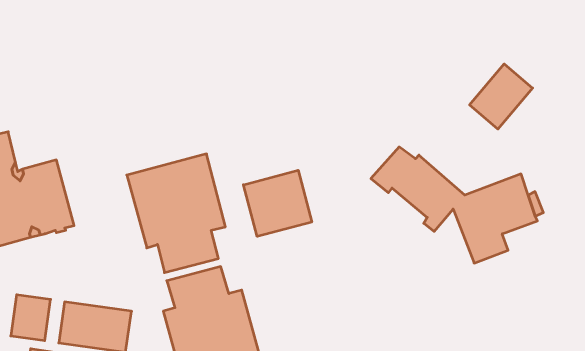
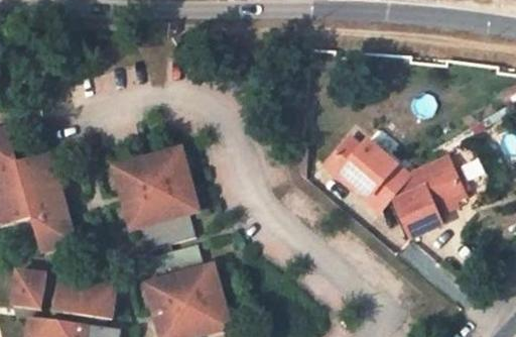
building: [470,64,533,129] -> none
building: [243,170,312,236] -> none
building: none -> [34,215,76,251]

